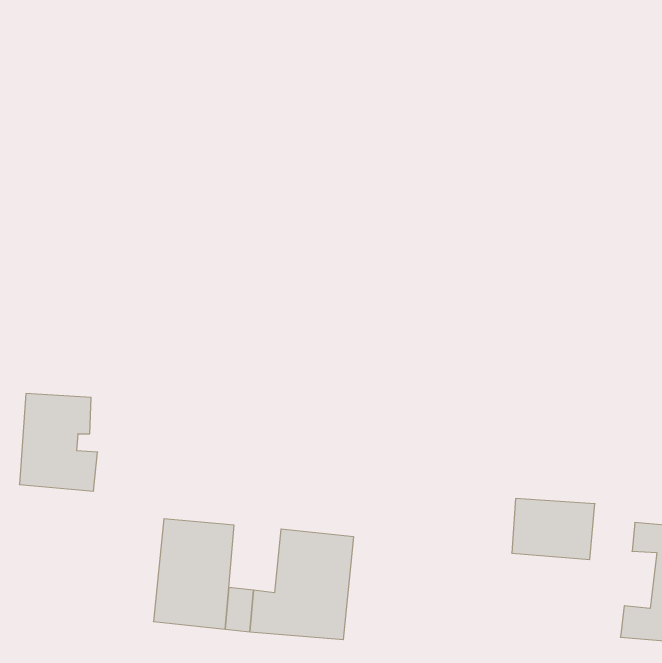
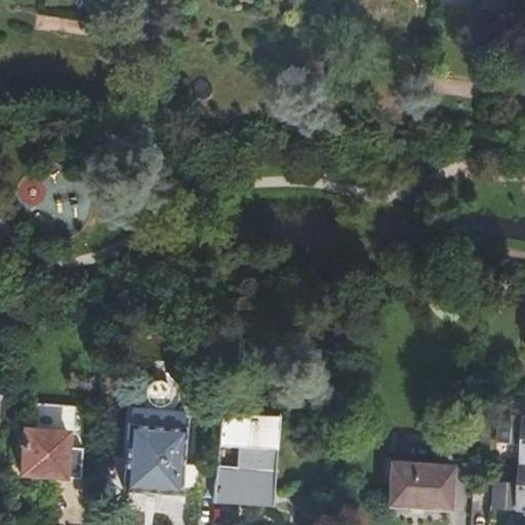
building: [19,394,98,491] -> [25,402,86,479]
building: [512,499,595,560] -> [390,465,455,513]

